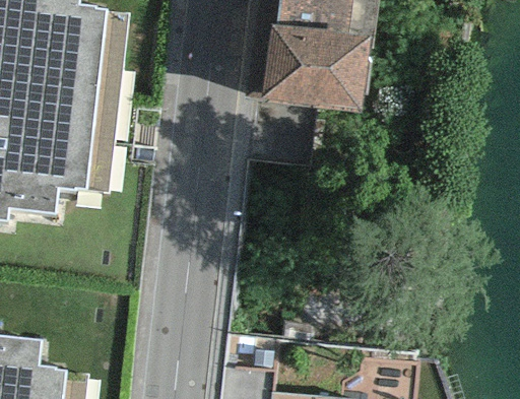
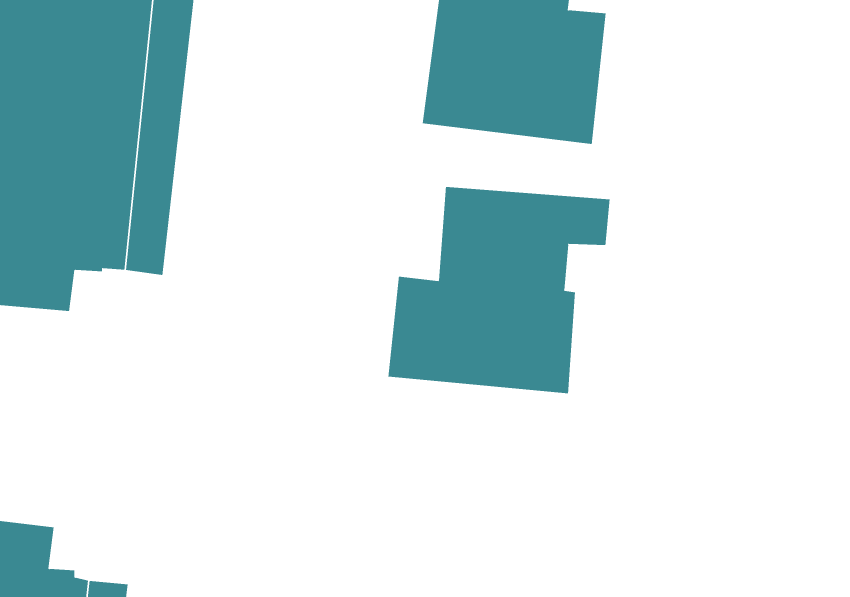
building: none -> [388,186,610,394]

